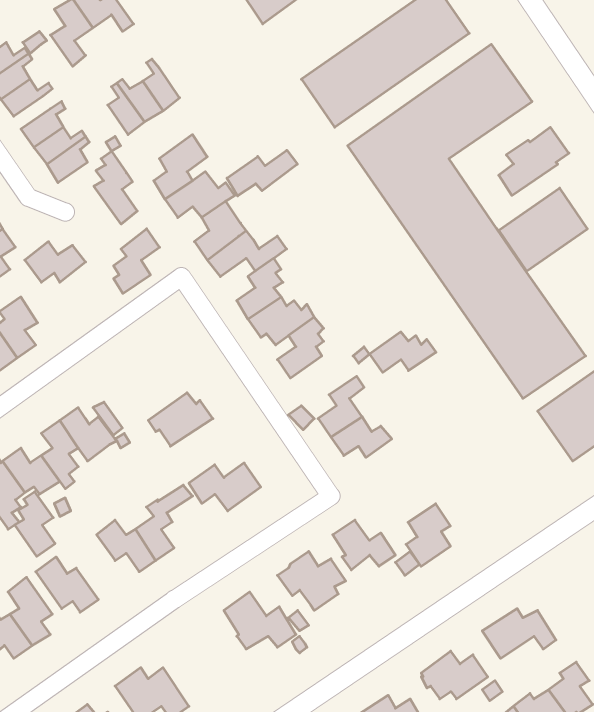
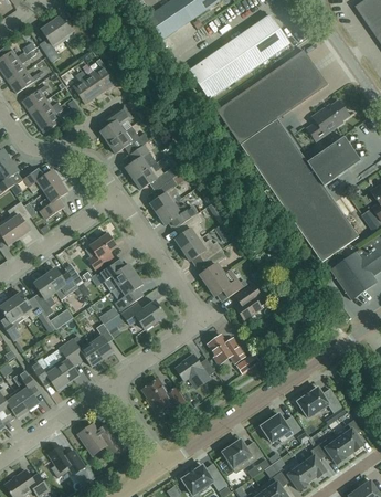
building: [227,150,297,196] -> none
building: [94,151,137,224] -> none
building: [114,229,160,293] -> [40,180,67,219]
building: [370,332,436,372] -> [182,236,222,261]
building: none -> [85,231,116,271]
building: none -> [110,274,144,310]
building: [15,492,55,556] -> [54,343,78,382]
building: [406,504,450,566] -> [235,283,262,320]

